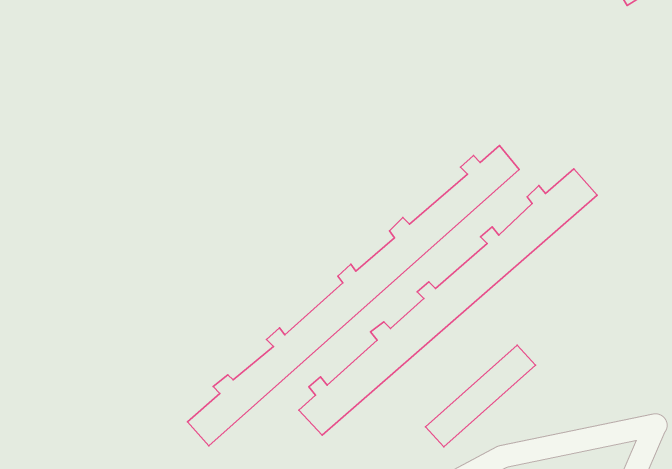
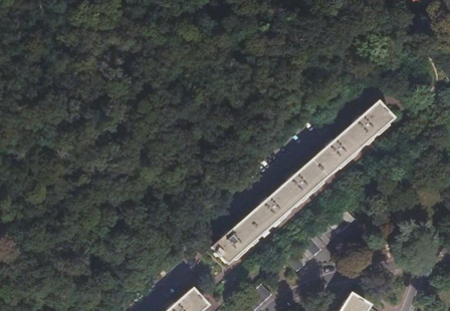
building: [188,146,519,446] -> none

